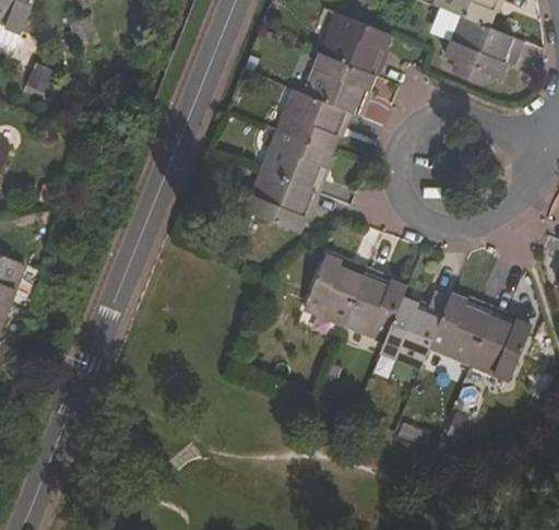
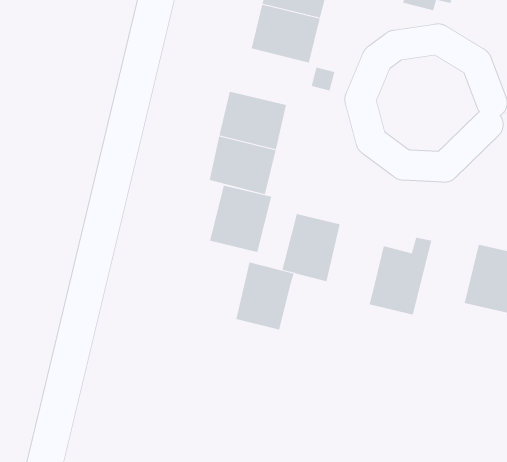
building: [277,90,346,151] -> none
building: none -> [209,185,272,253]
building: [343,271,405,340] -> [235,262,295,330]
building: [428,293,490,363] -> none

